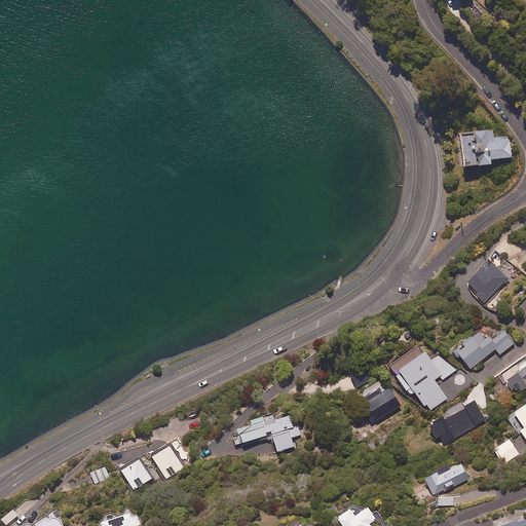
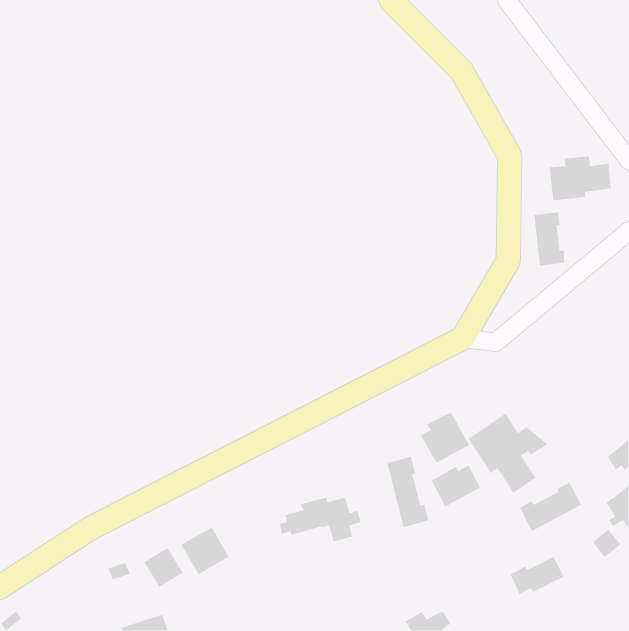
building: none -> [534,212,565,267]
building: [467,260,515,309] -> none
building: [452,328,515,369] -> none
building: none -> [420,411,470,464]
building: none -> [386,456,429,528]

